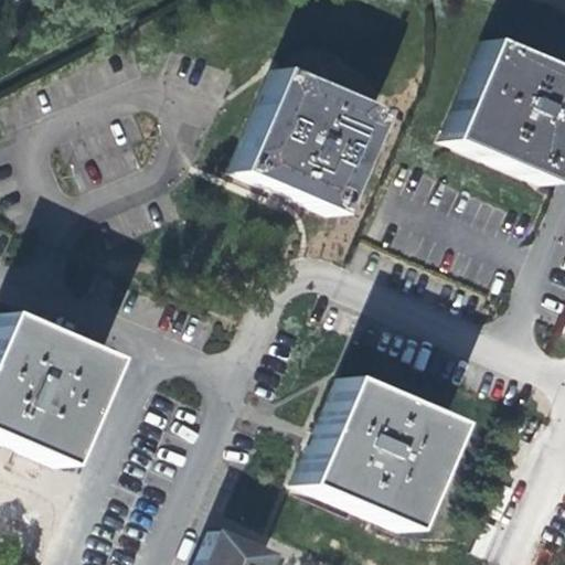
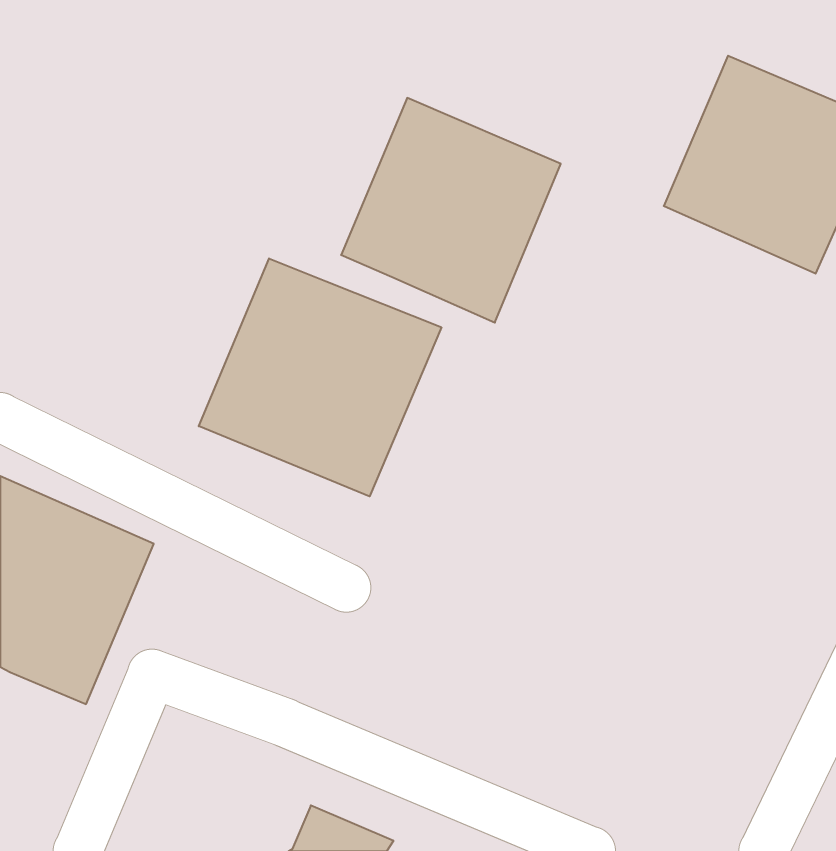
building: none -> [199,258,441,496]
building: [305,372,459,525] -> none

